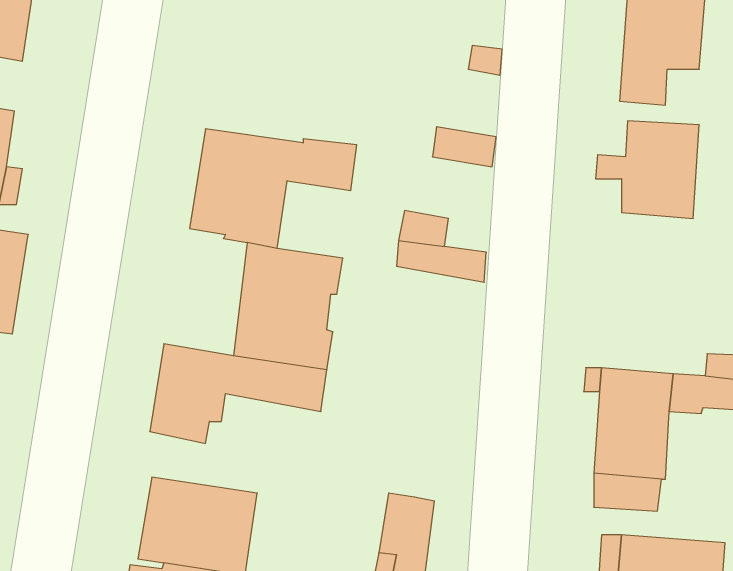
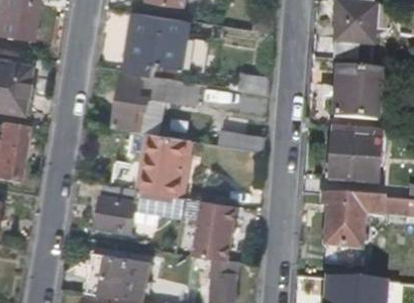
building: none -> [124,14,192,69]
building: none -> [330,127,379,184]
building: none -> [195,200,237,262]

